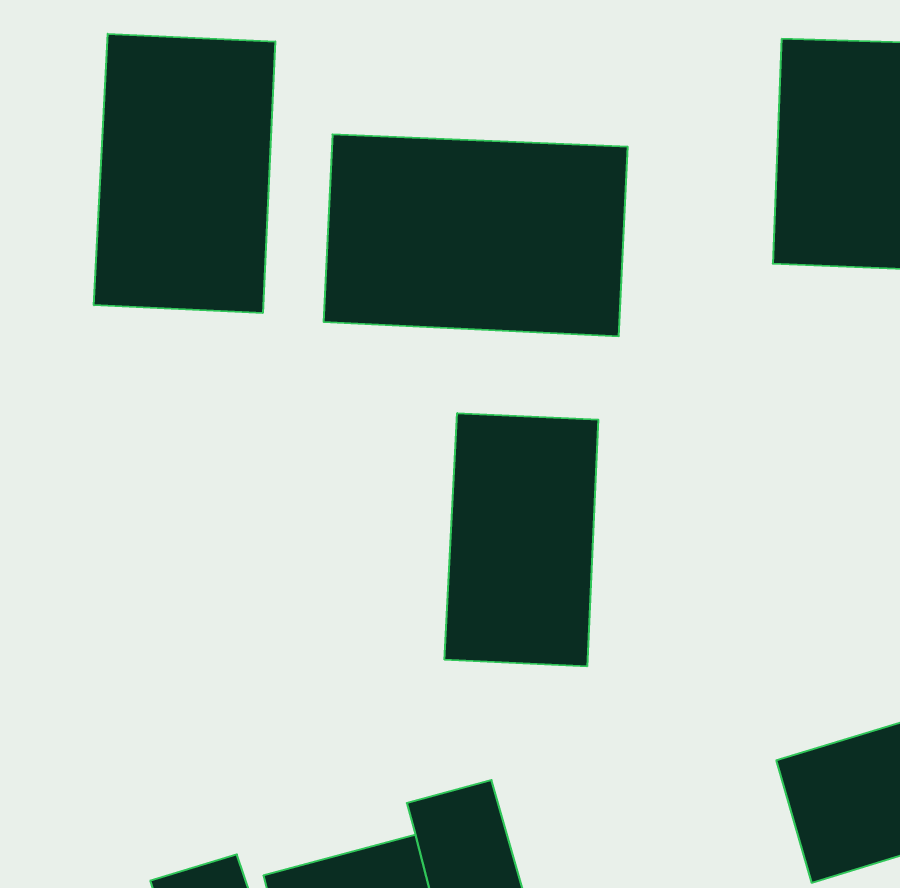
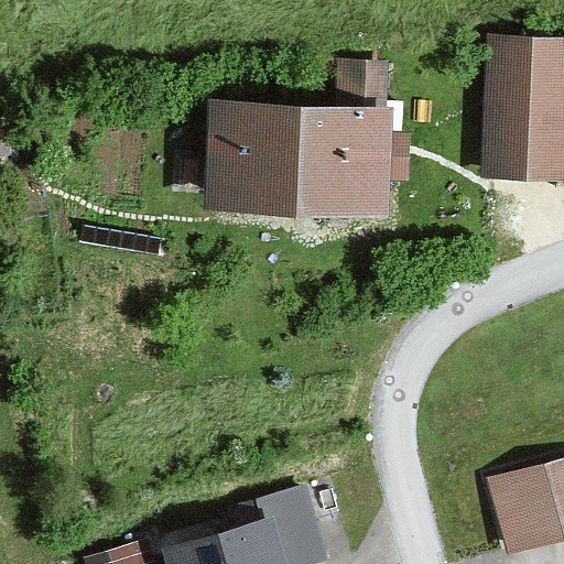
building: [94,34,275,313] -> none
building: [445,413,598,666] -> none

